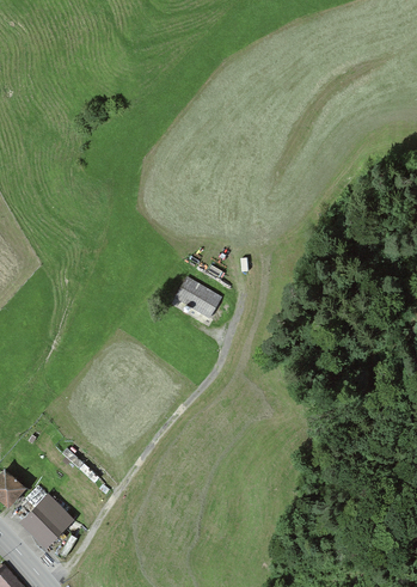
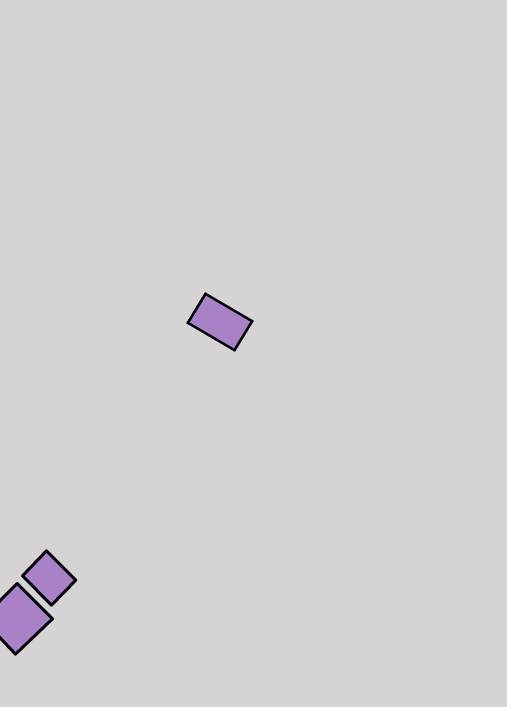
building: none -> [22,551,76,605]

